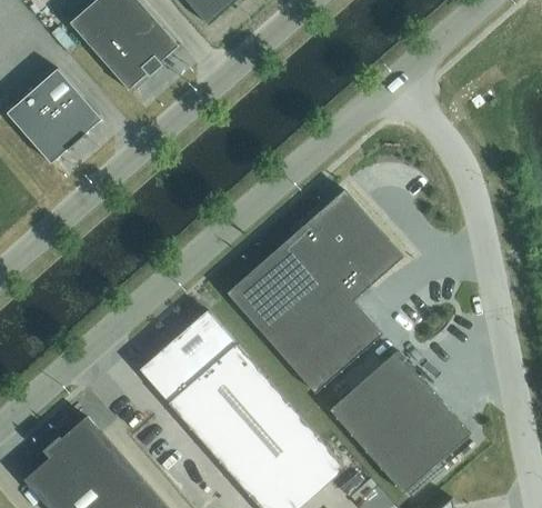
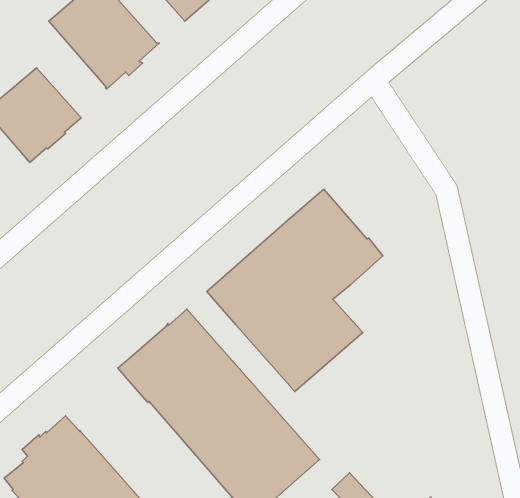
building: [330,350,470,492] -> none

